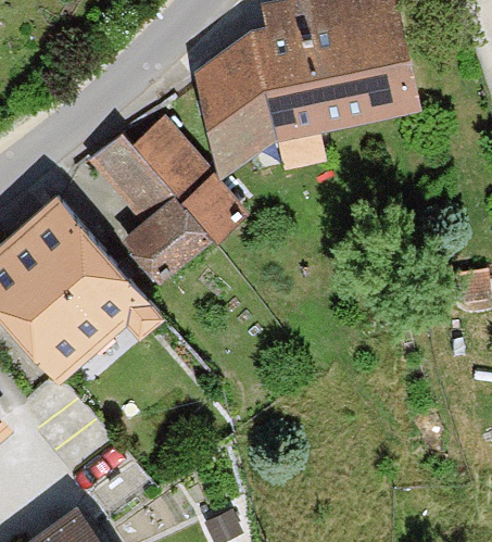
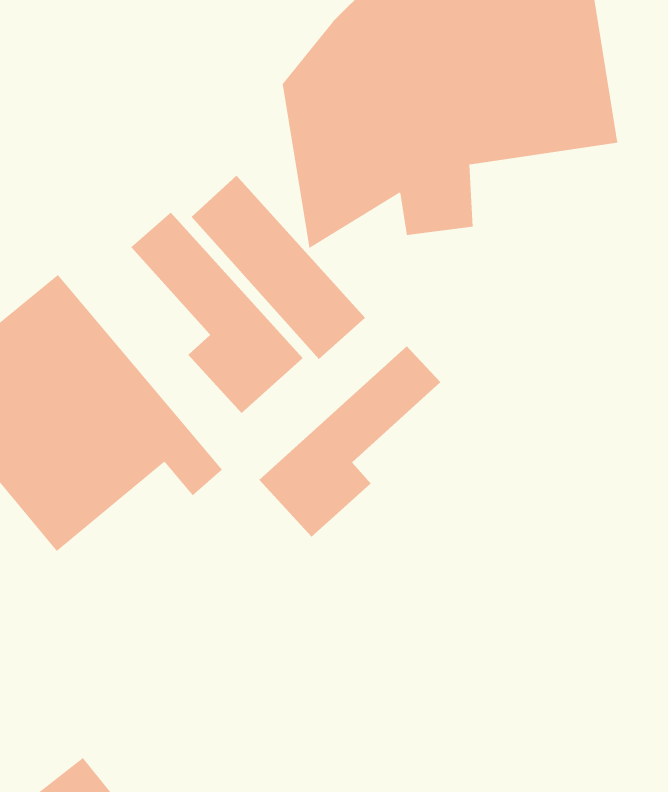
building: none -> [258,346,441,537]

